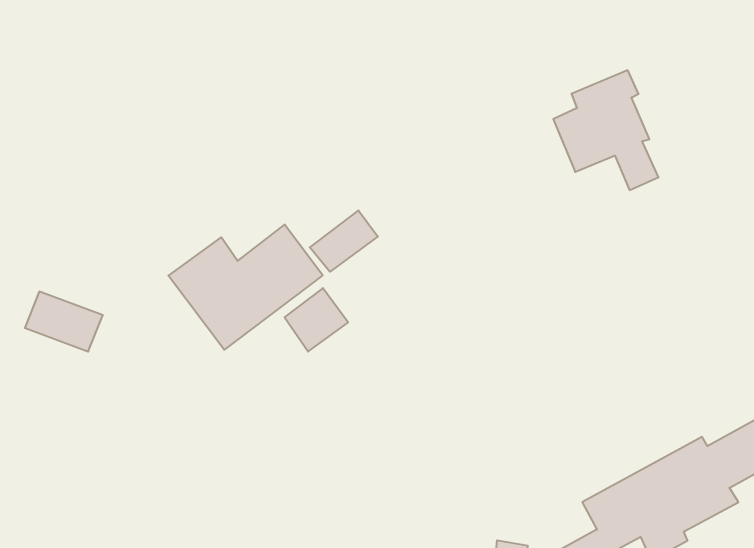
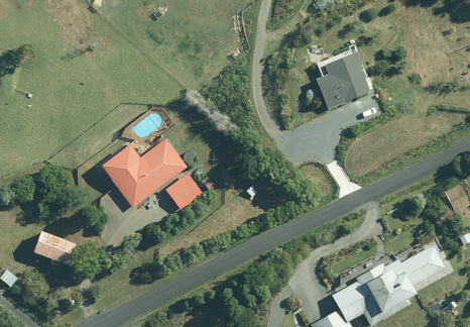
building: [310,210,378,272] -> none
building: [25,292,103,352] -> [33,231,77,264]

